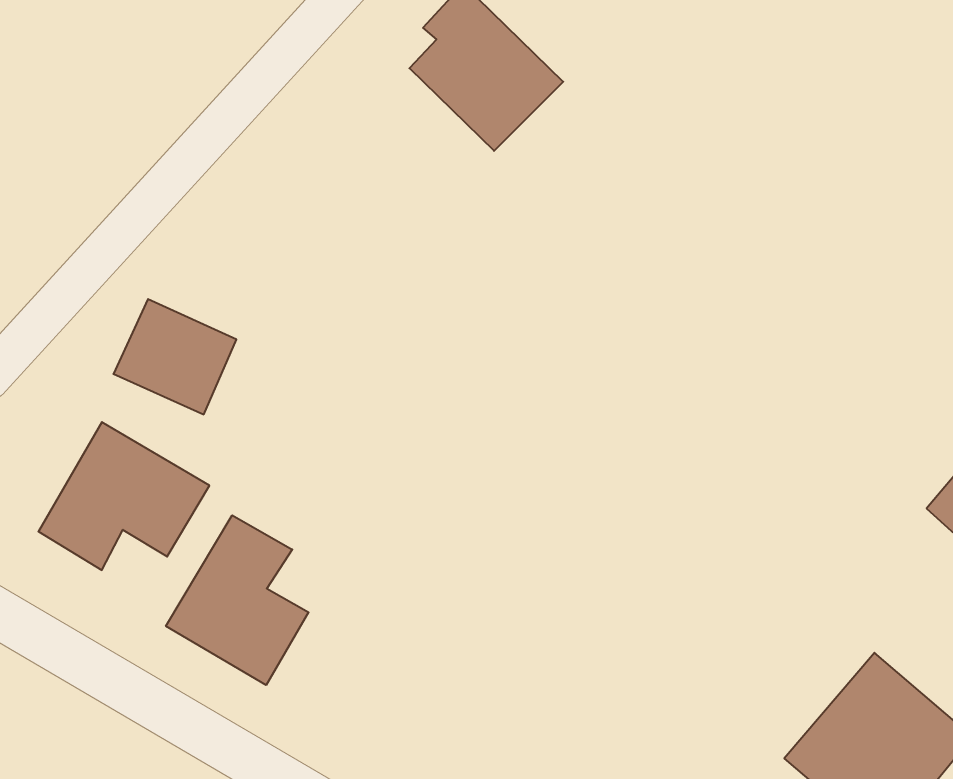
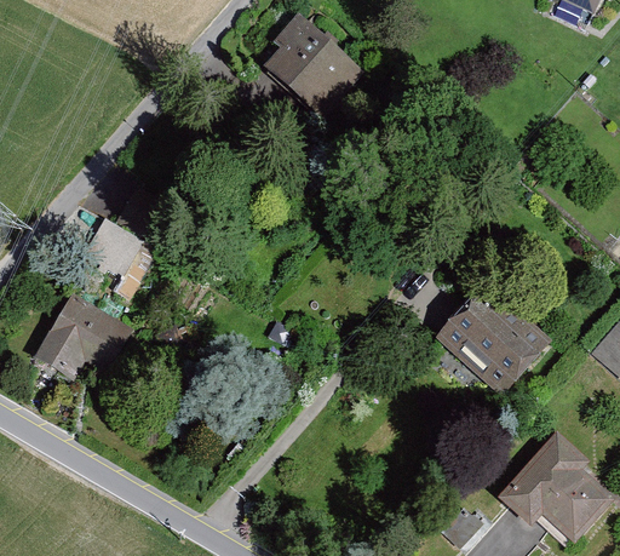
building: none -> [435,283,546,392]
building: [166,515,309,685] -> none

